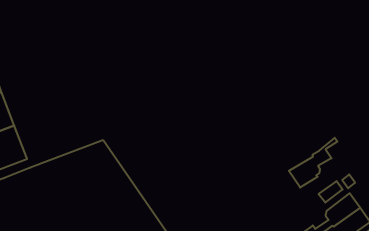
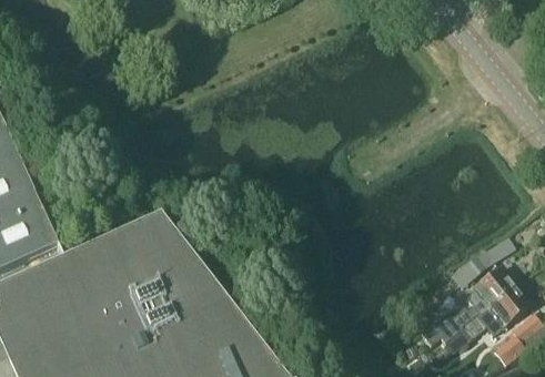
building: [289,138,337,188] -> none

